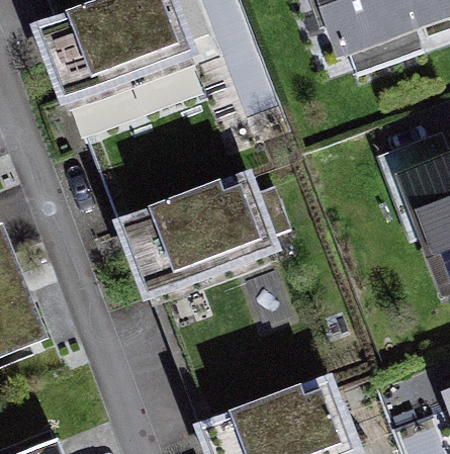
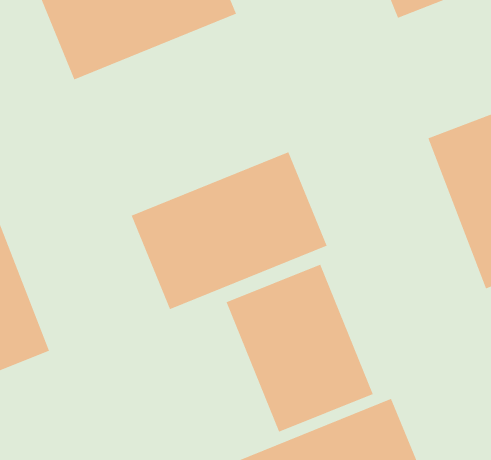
building: none -> [226,264,373,433]

